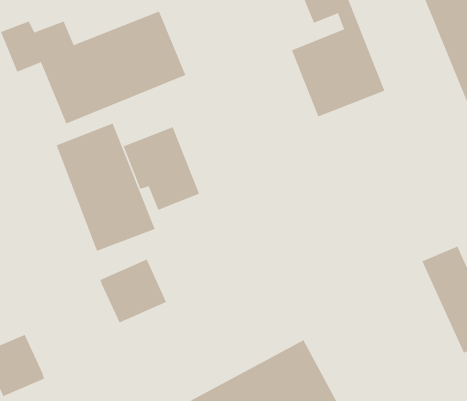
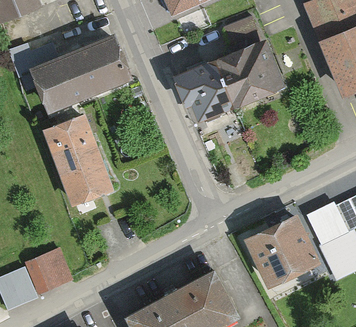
building: [123,127,200,211] -> [178,61,233,121]
building: [100,259,167,323] -> [23,246,71,292]
building: none -> [249,216,321,289]

